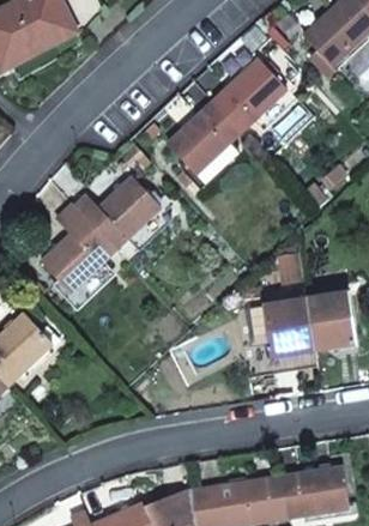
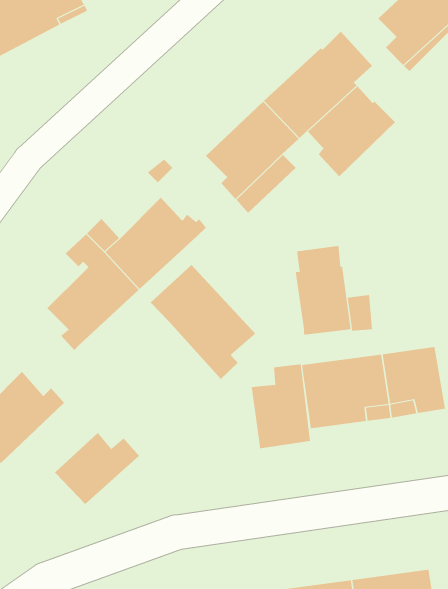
building: none -> [295,245,351,335]
building: none -> [150,264,256,380]
building: none -> [251,363,310,449]
building: none -> [54,432,140,505]

